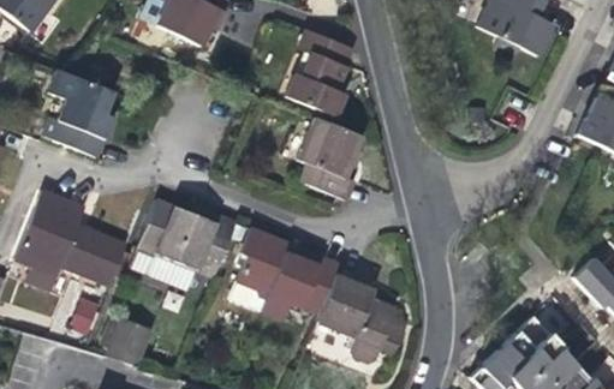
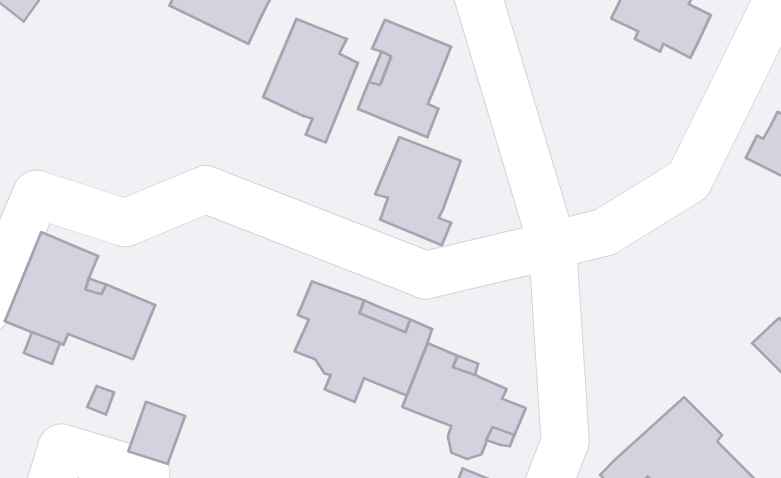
building: none -> [263,19,358,142]
building: [42,72,113,158] -> none
building: [127,203,239,298] -> none

